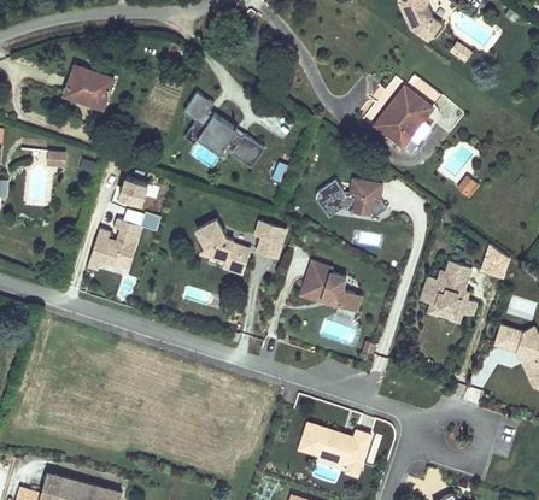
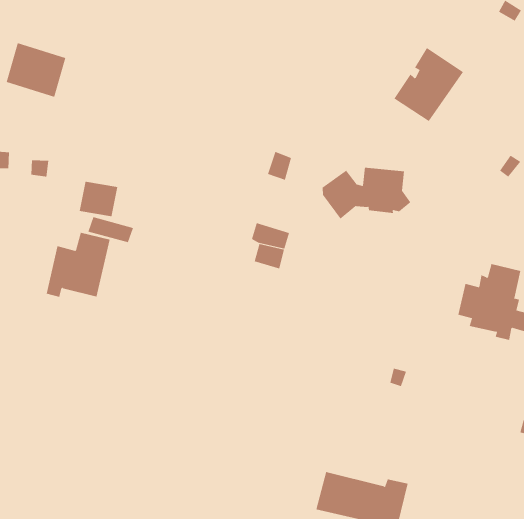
building: [182,92,264,169] -> none
building: [195,220,247,273] -> none
building: [298,259,362,313] -> none

